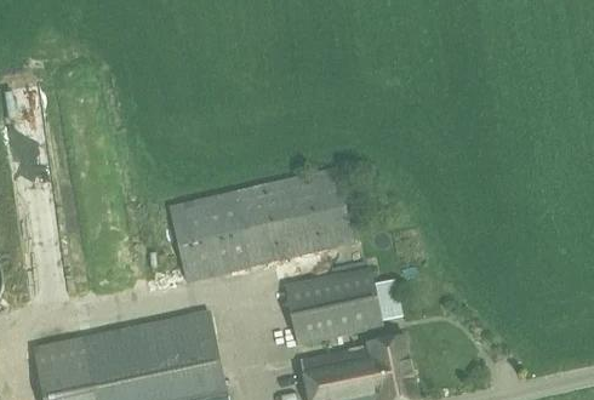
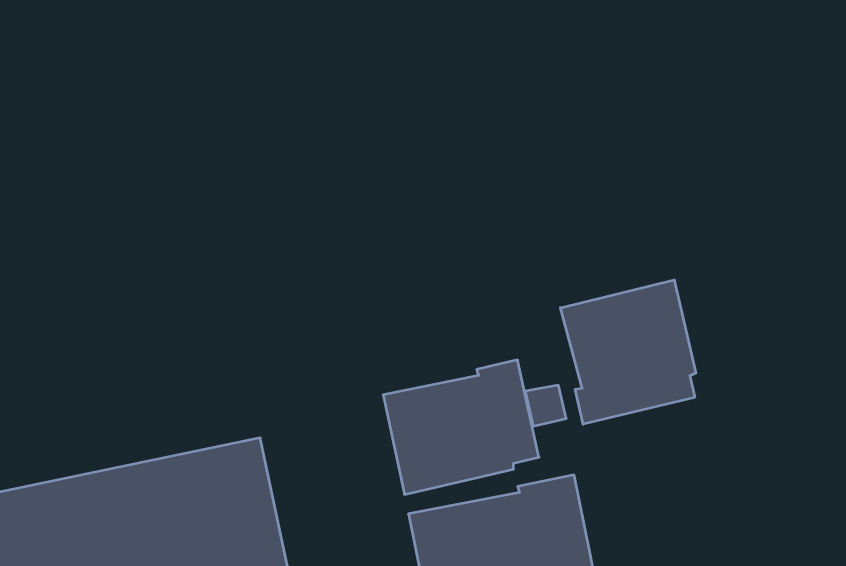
building: [170,168,353,280] -> none
building: none -> [560,280,696,424]

